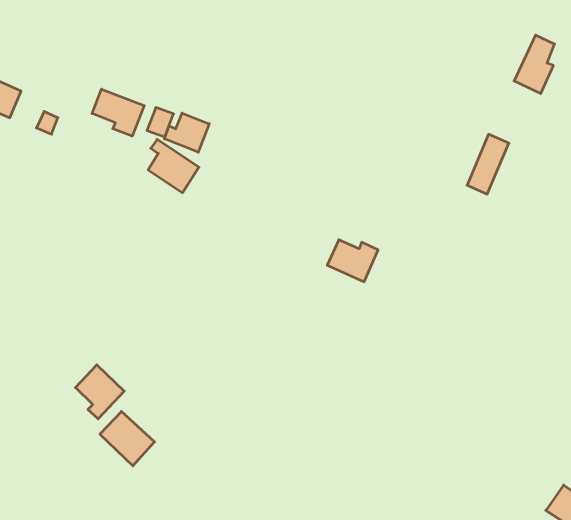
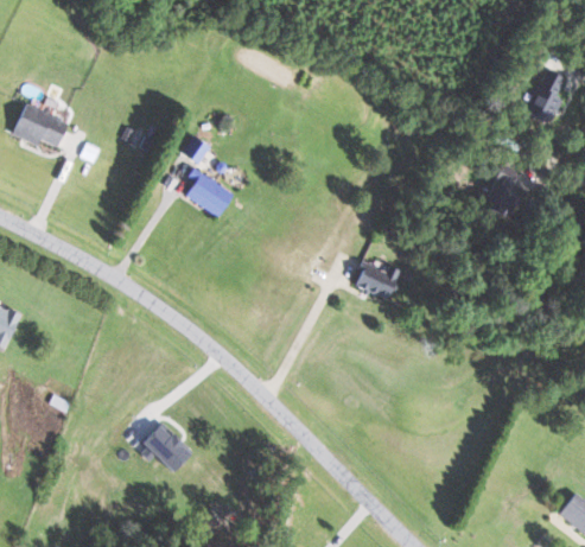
building: [92,89,144,136] -> none
building: [164,113,209,152] -> none
building: [75,365,124,419] -> none

